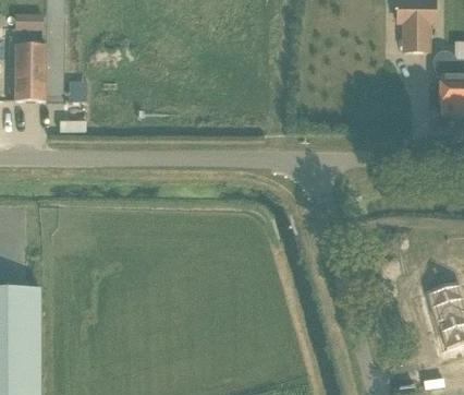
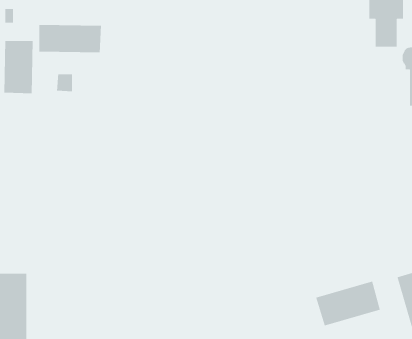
building: none -> [38,24,102,53]
building: none -> [315,280,381,327]

